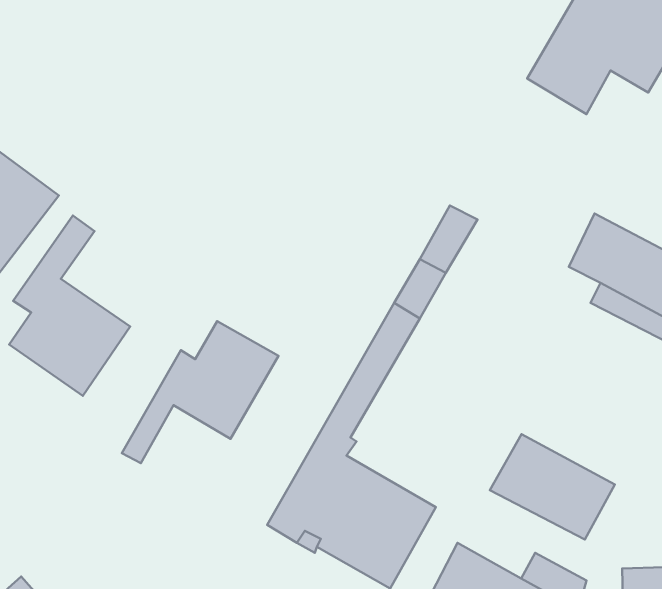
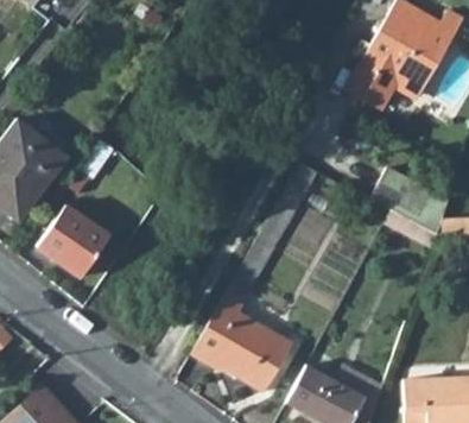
building: [122,321,279,463] -> none
building: [490,434,615,540] -> none

